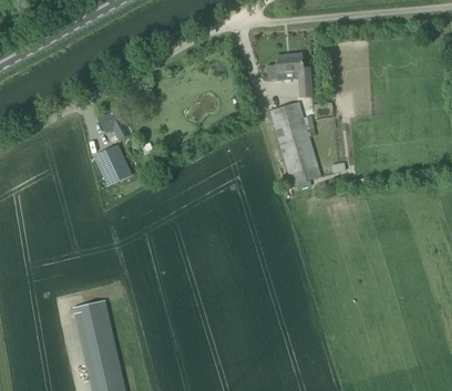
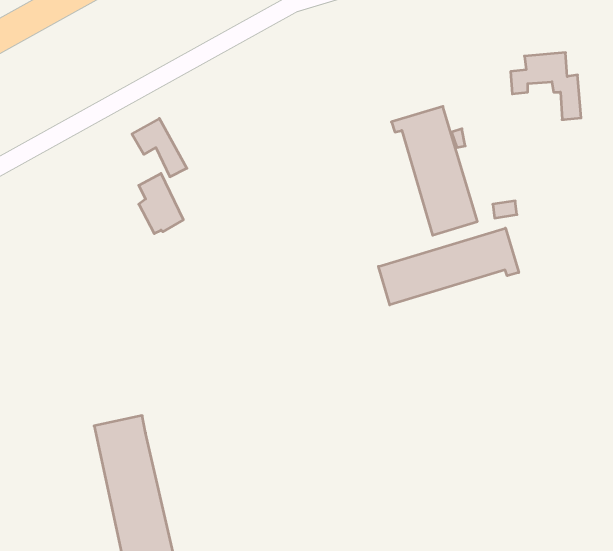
building: [267,53,312,96] -> [511,53,581,120]
building: none -> [378,228,519,305]

